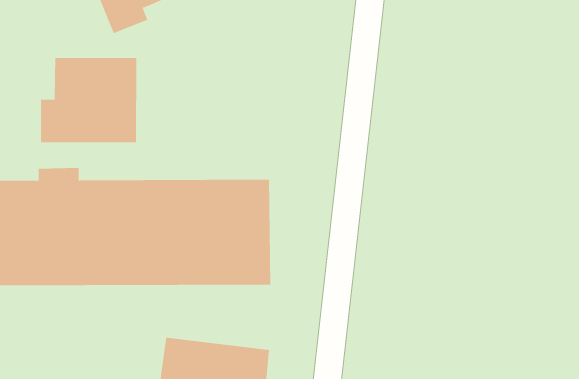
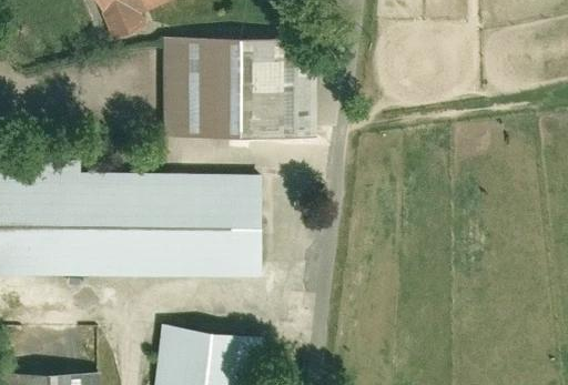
building: none -> [161,36,317,138]
building: [40,57,137,143] -> none

